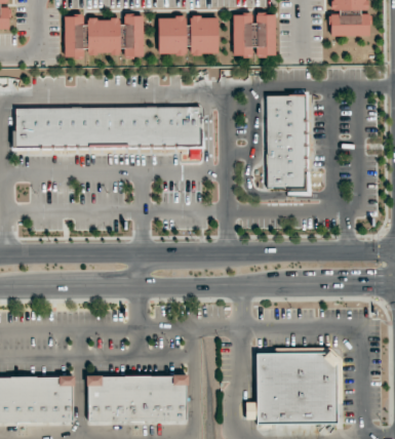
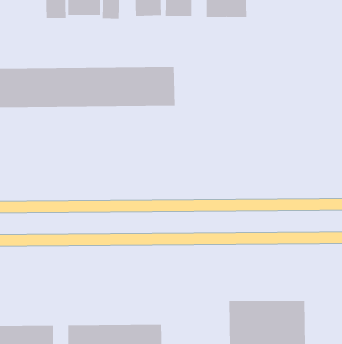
building: [267,95,308,191] -> none

